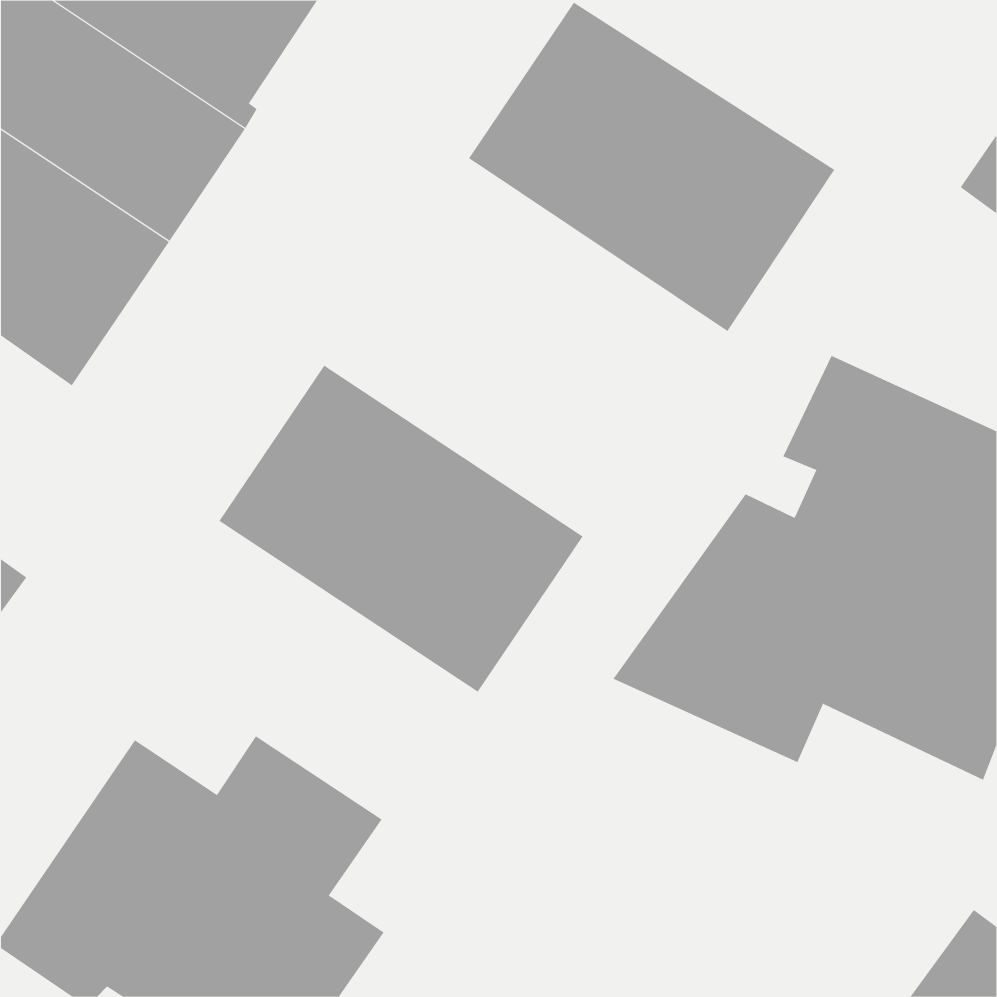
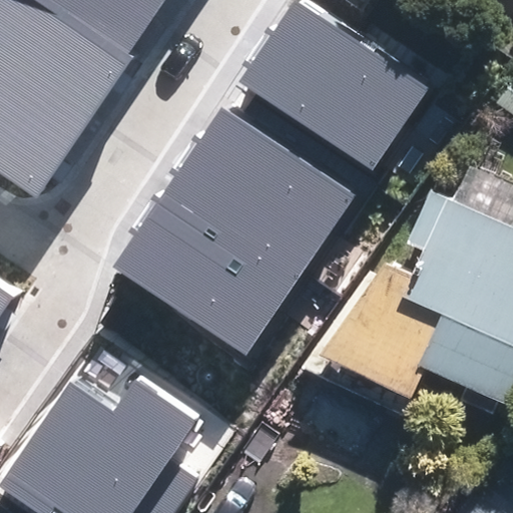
building: none -> [166,106,355,276]

